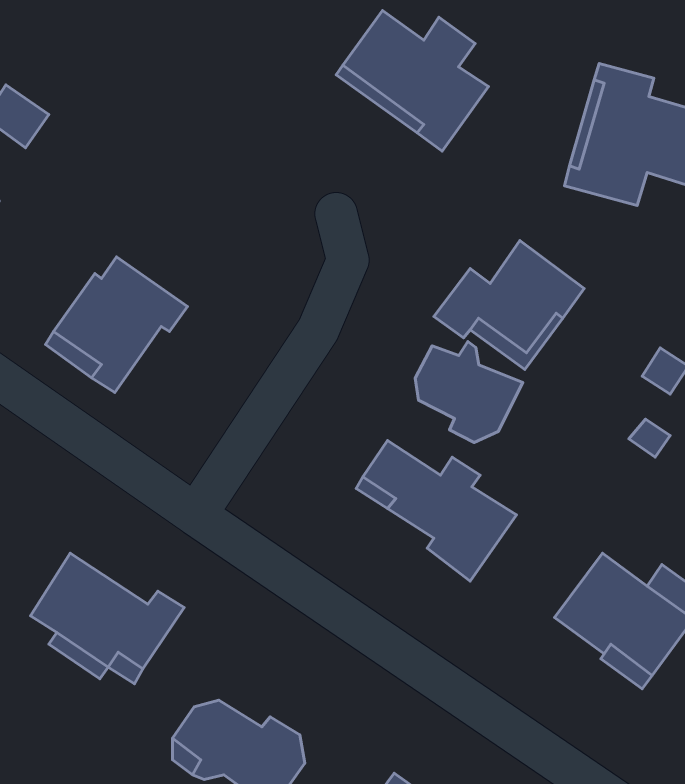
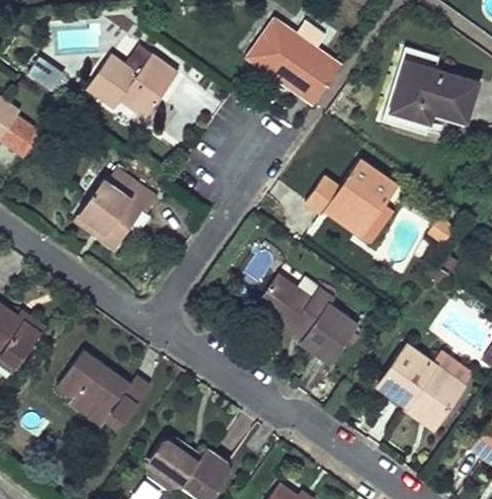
building: none -> [82,53,175,120]
building: [415,341,523,443] -> none

